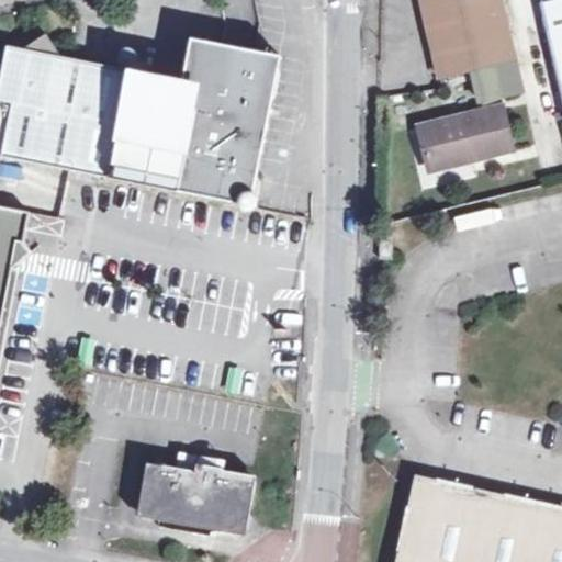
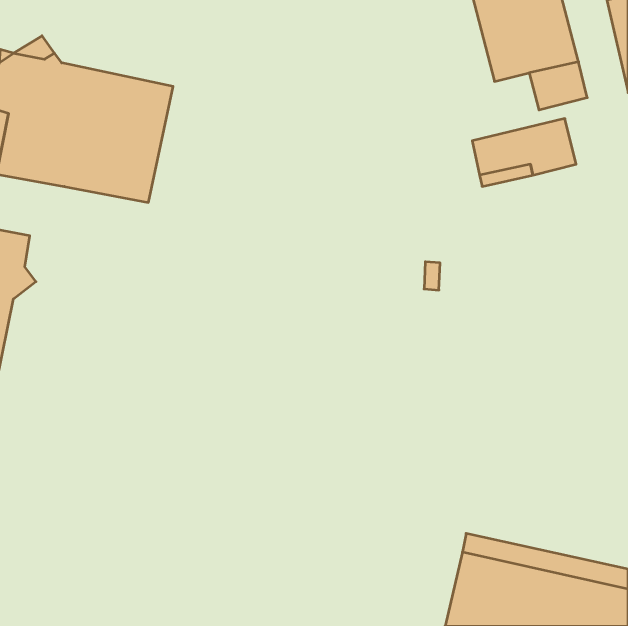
building: [132,40,277,203] -> none
building: [138,451,256,535] -> none

